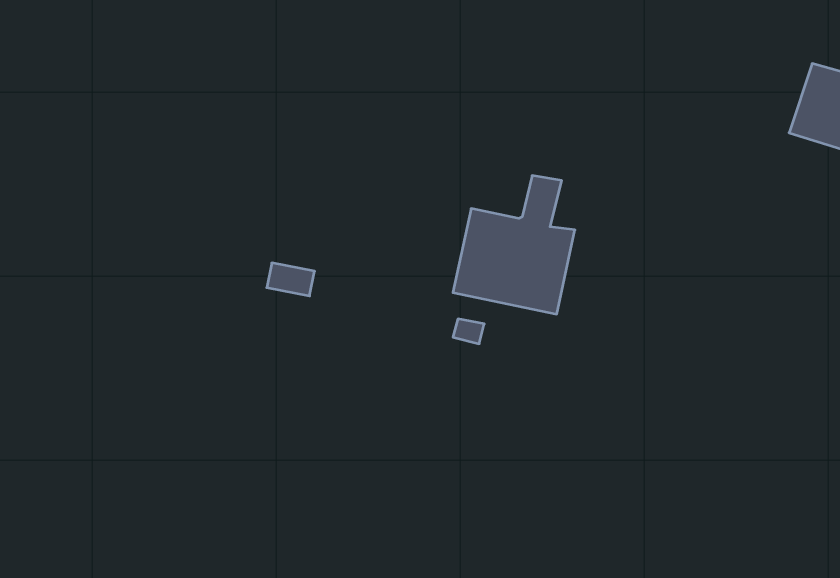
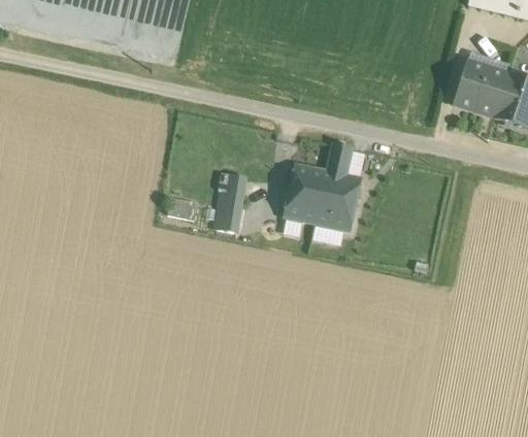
building: none -> [455,60,509,116]
building: none -> [216,172,246,232]

